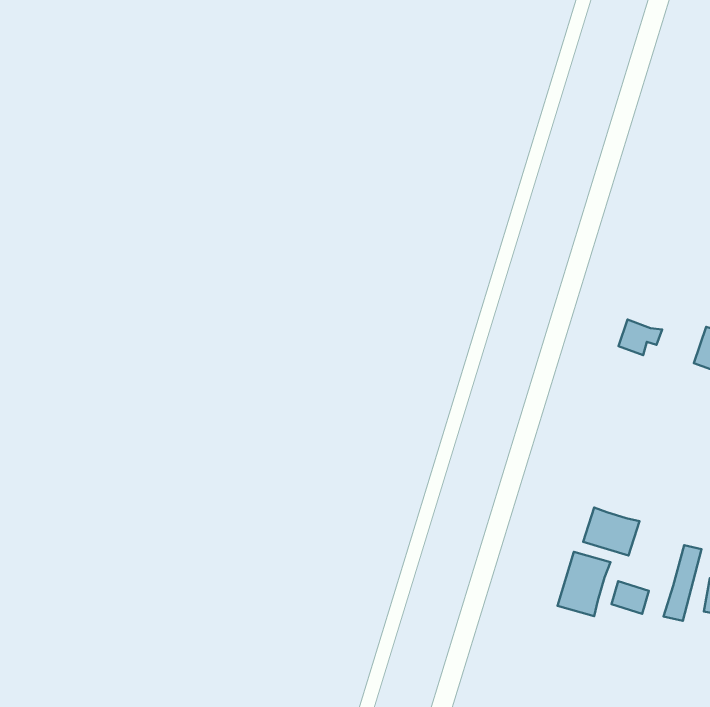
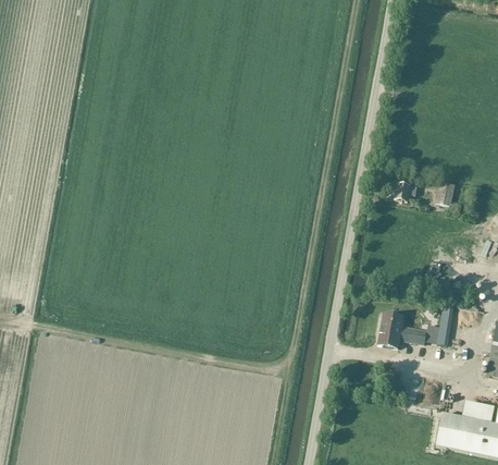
building: [583,507,640,555] -> none

